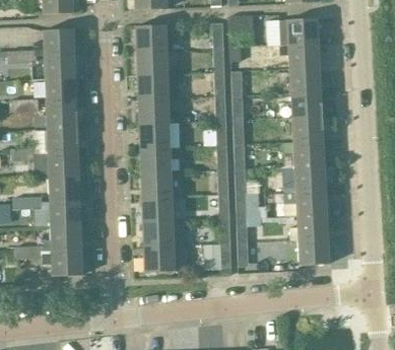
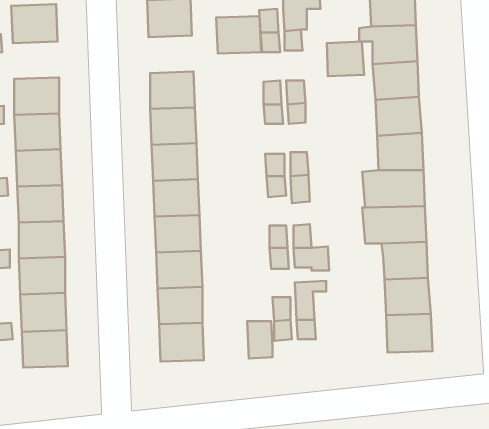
building: [137,52,168,77] -> [216,16,261,54]
building: [45,56,76,81] -> none
building: none -> [327,42,364,76]

